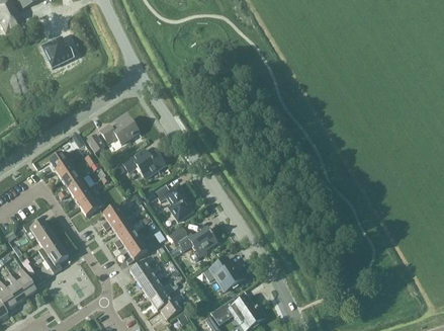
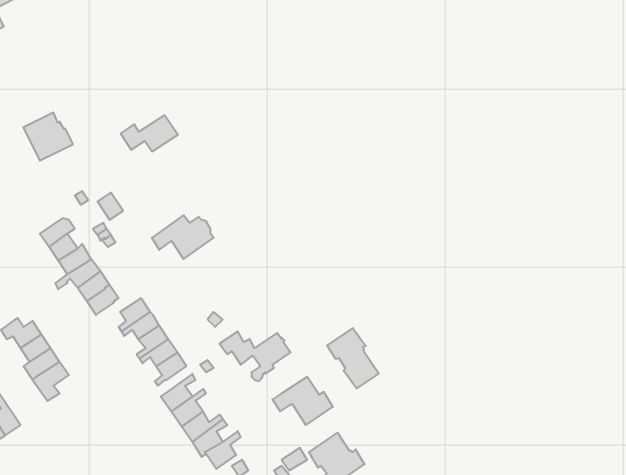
building: [40,34,74,67] -> [23,112,73,161]
building: [100,117,139,142] -> [121,115,178,151]
building: [143,182,193,221] -> none
building: none -> [327,328,379,388]

